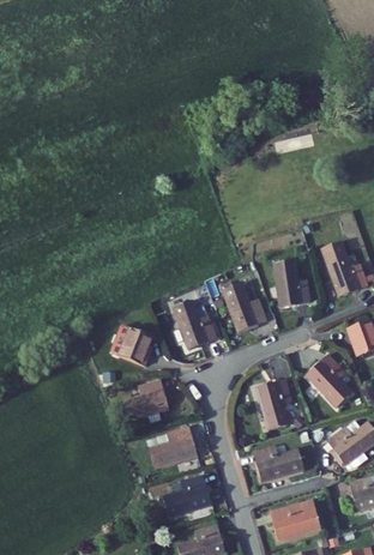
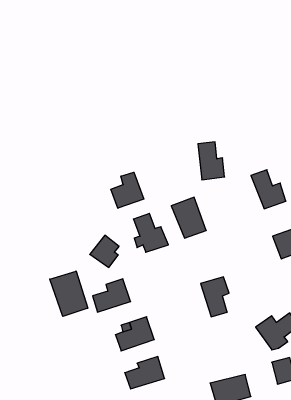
building: none -> [111,172,144,208]
building: [279,266,313,314] -> [198,142,225,180]
building: [307,351,352,405] -> none
building: none -> [50,271,88,316]
building: [252,444,303,479] -> none

